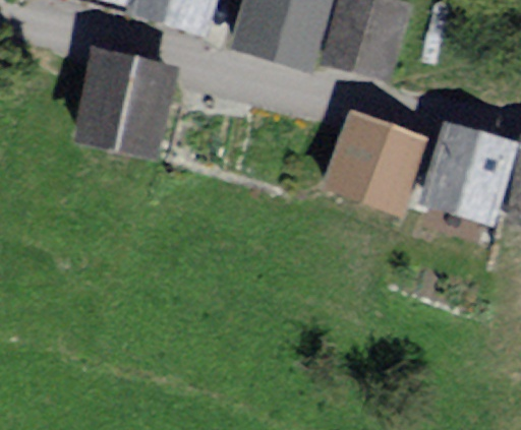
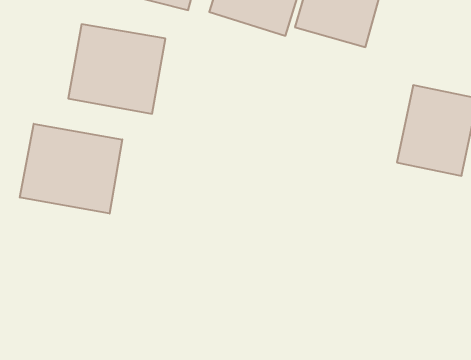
building: [320,107,428,213] -> none
building: none -> [20,124,122,214]

